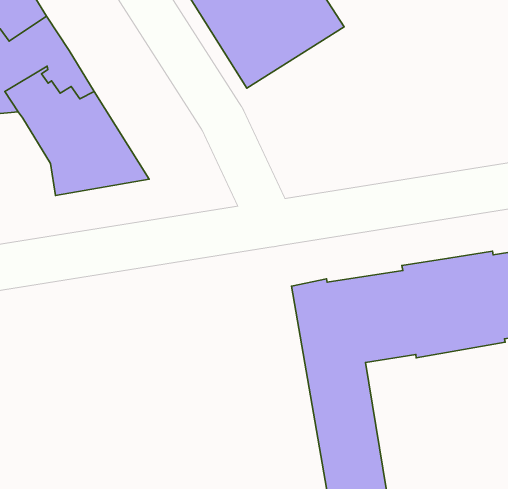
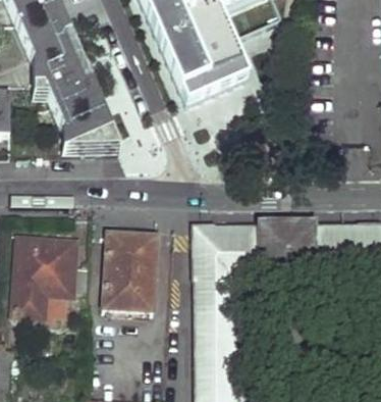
building: none -> [100,231,155,310]
building: none -> [13,237,88,317]

